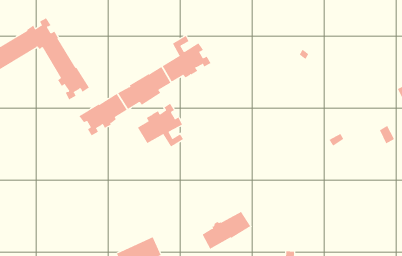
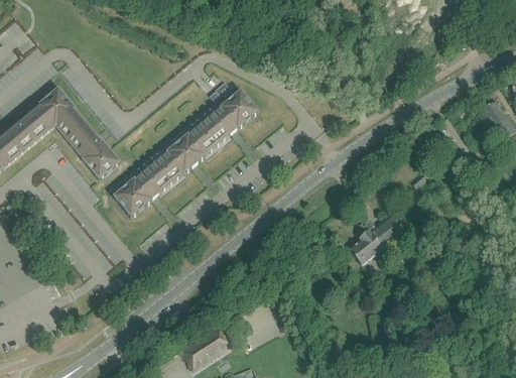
building: [135,103,184,147] -> none
building: [202,211,251,250] -> [348,215,404,265]

